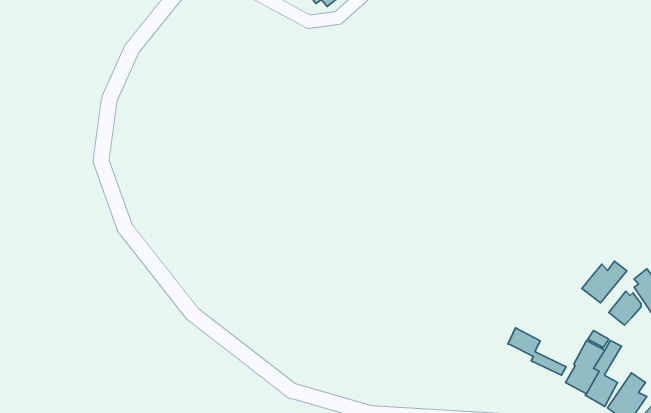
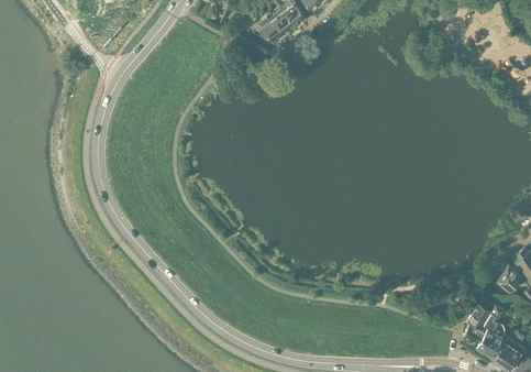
building: [582,261,627,303] -> none
building: [508,328,566,375] -> none

